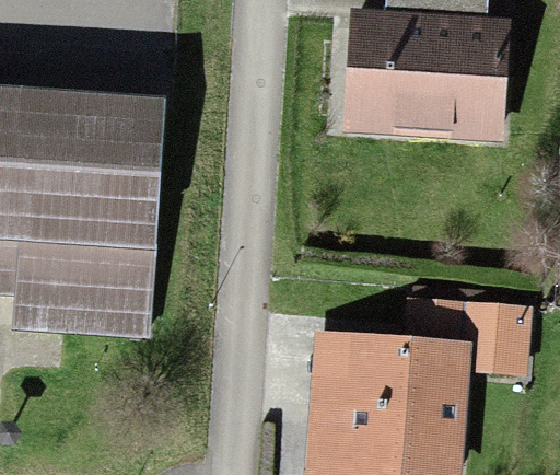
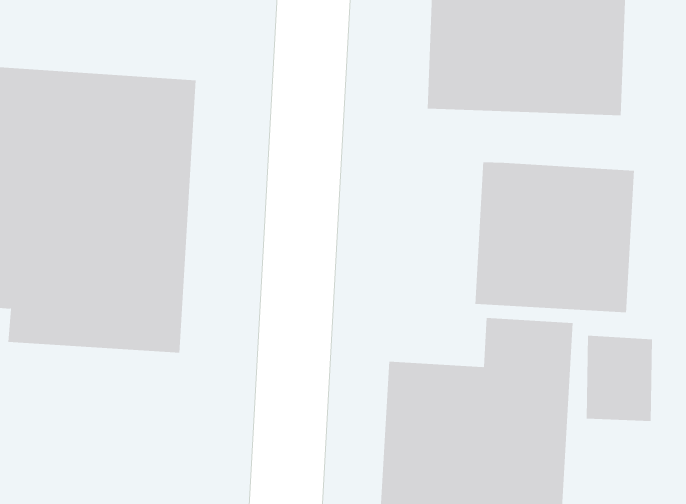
building: none -> [475,161,634,313]

